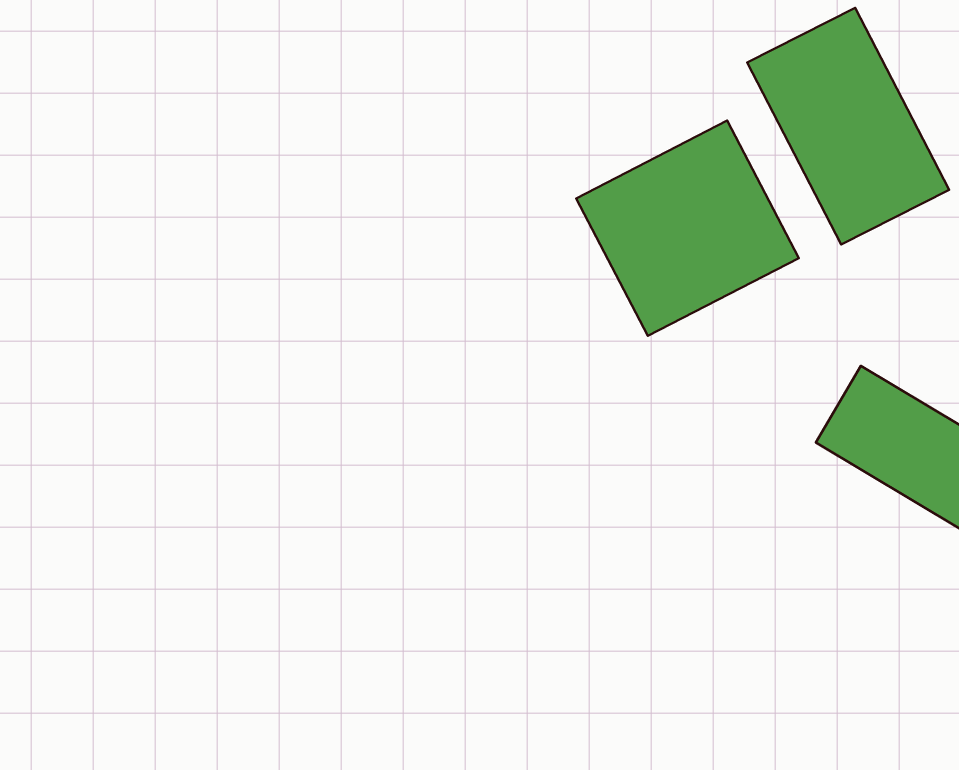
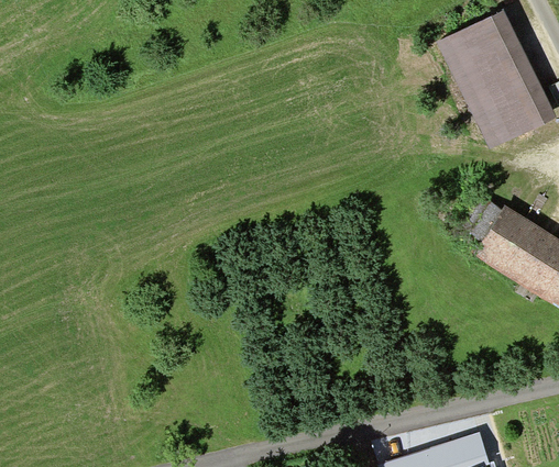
building: [576,121,799,336] -> none

